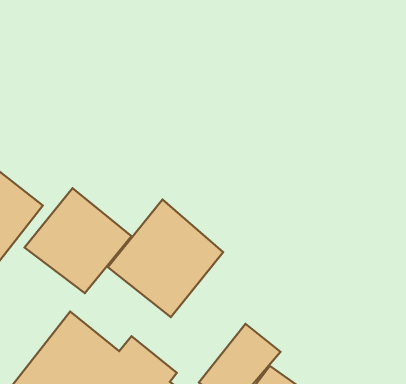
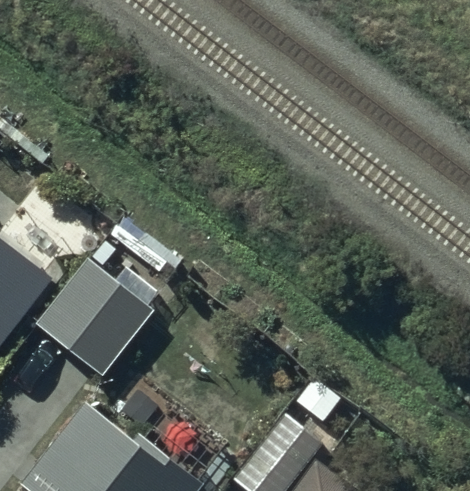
building: [108,199,223,317] -> none

